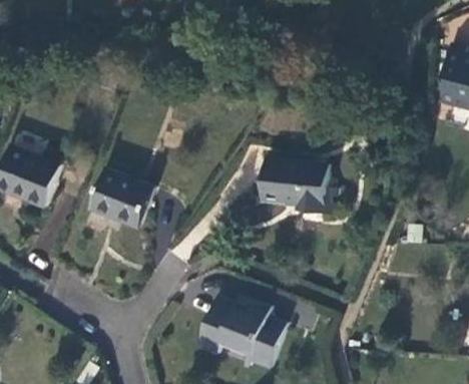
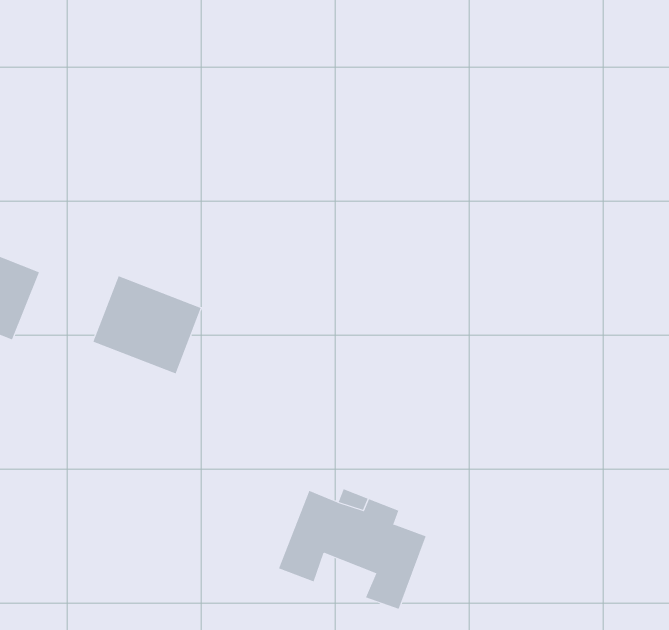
building: [261,159,337,211] -> none

